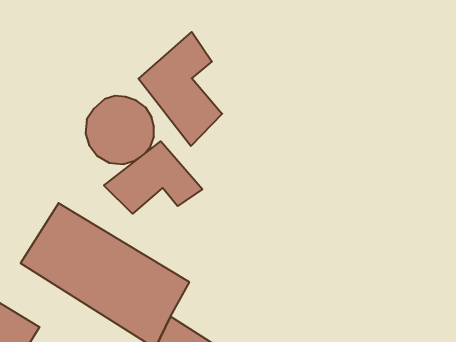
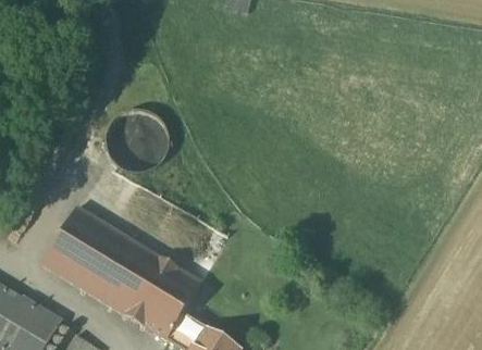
building: [138,32,222,146] -> none
building: [104,141,202,214] -> none

